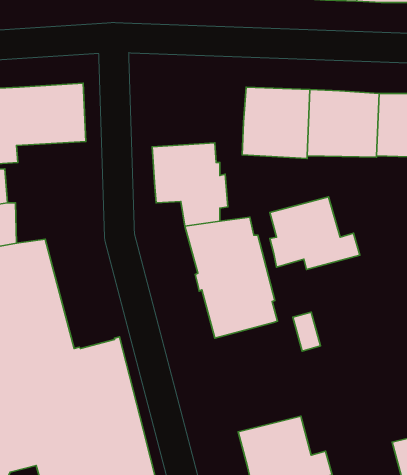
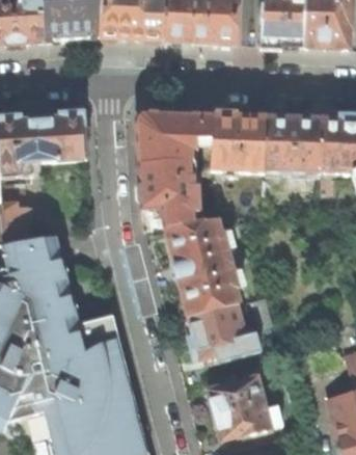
building: none -> [136,112,214,162]
building: [270,197,360,270] -> [189,302,261,360]

